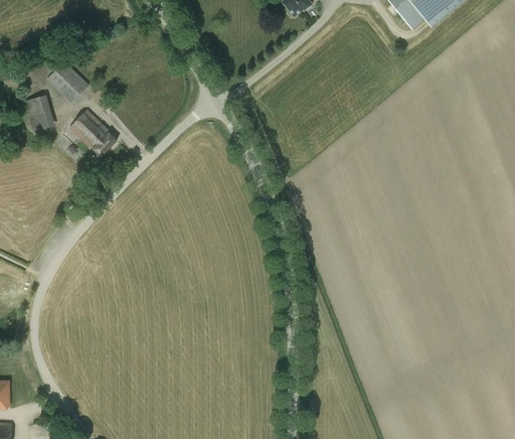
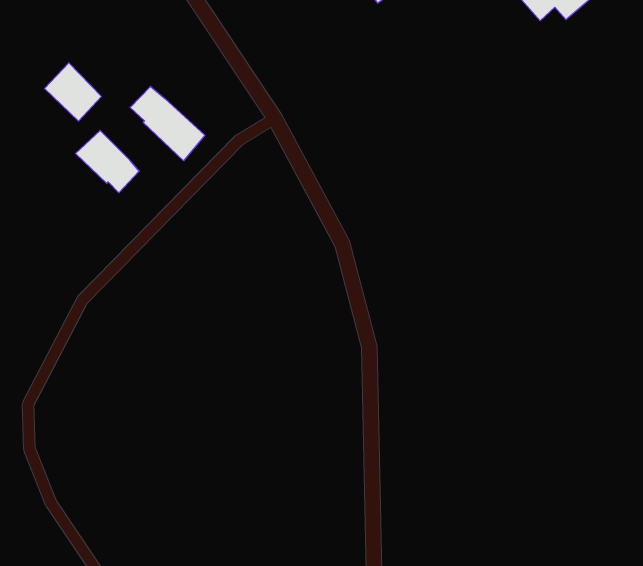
building: none -> [130,86,205,161]
building: [21,94,54,132] -> none

